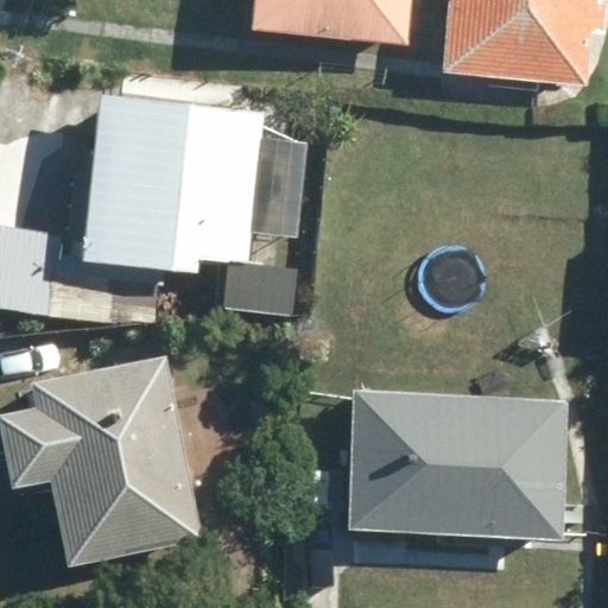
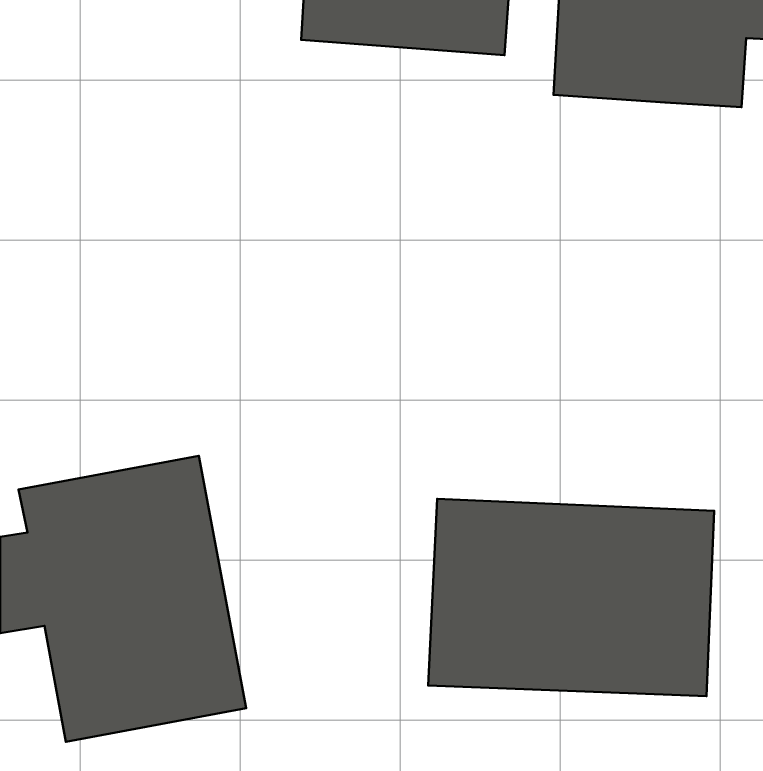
building: [83,95,260,278] -> none

